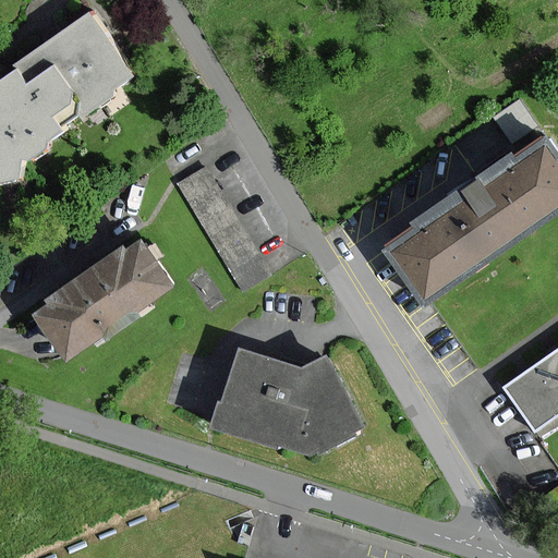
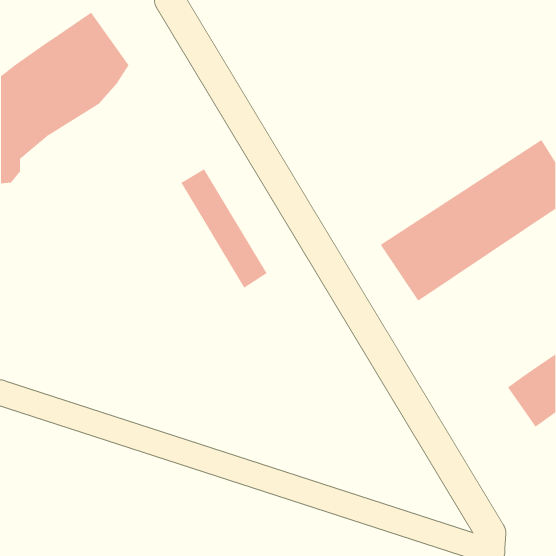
building: [40,245,167,352] -> none
building: [208,350,363,454] -> none

